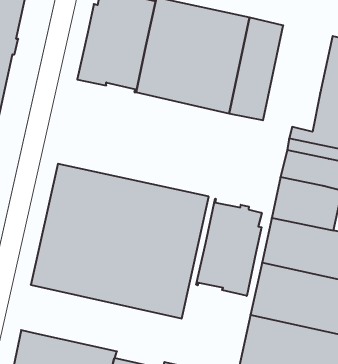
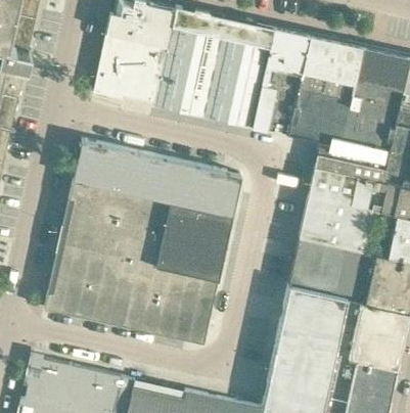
building: none -> [288,36,362,148]
building: none -> [72,141,240,217]
building: [196,199,262,296] -> none

